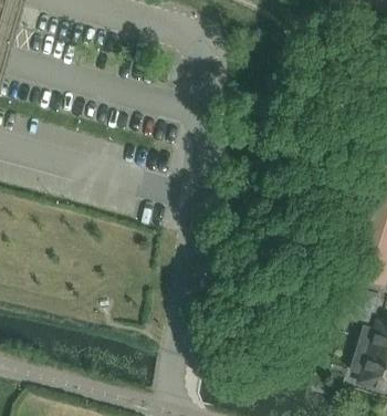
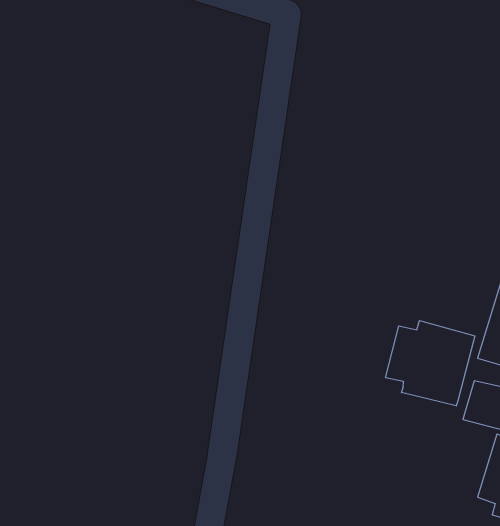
building: none -> [386,321,475,406]

